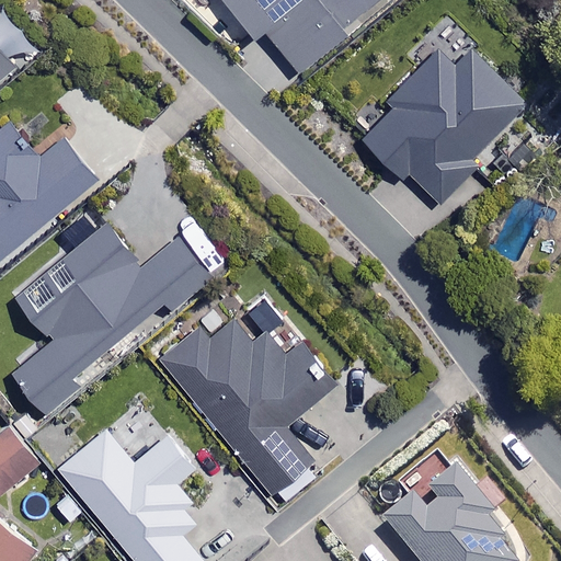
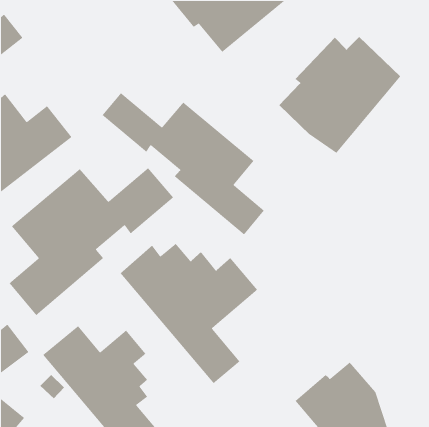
building: none -> [101,92,265,235]

